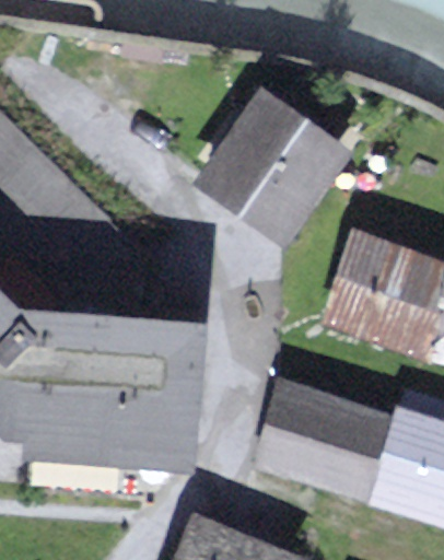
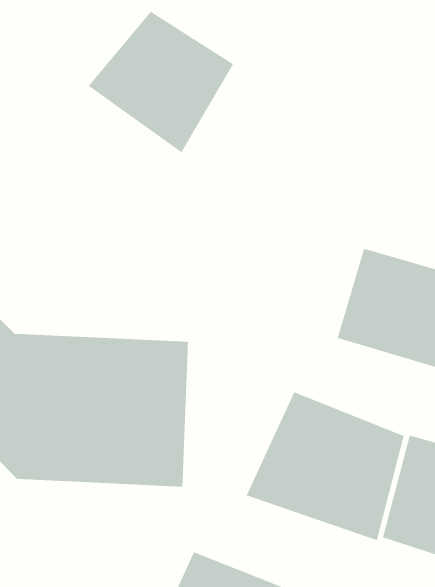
building: none -> [88,11,234,153]
building: [184,81,354,256] -> none

